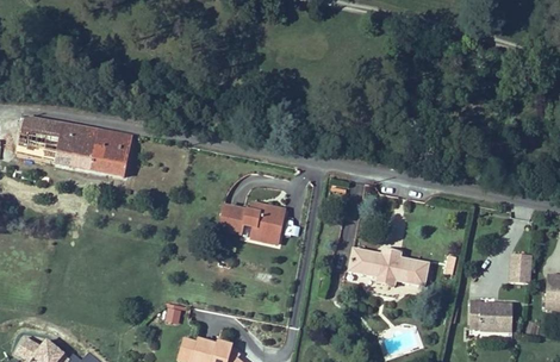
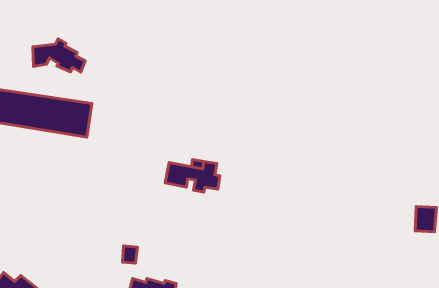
building: none -> [33,39,85,72]
building: [349,244,429,281] -> none
building: [471,298,514,327] -> none

